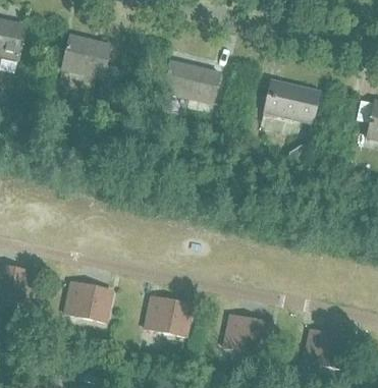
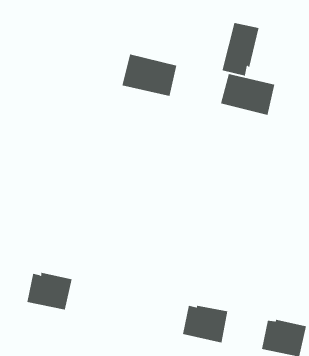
building: none -> [222,22,259,77]
building: [63,36,117,90] -> none
building: [145,297,192,335] -> none

